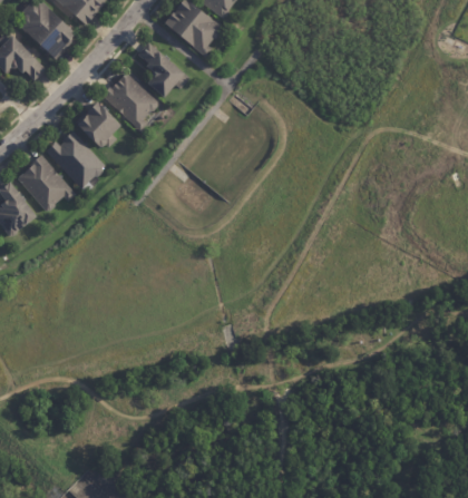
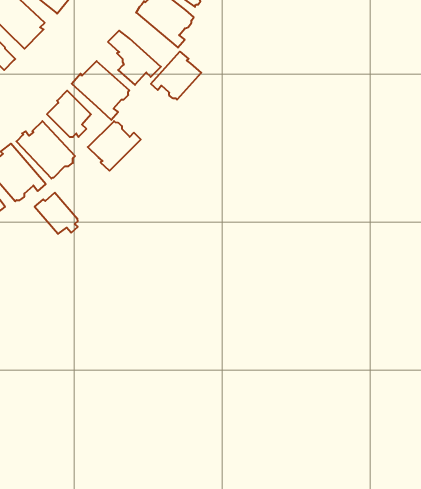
building: none -> [151,52,201,100]
building: none -> [88,121,141,171]
building: none -> [35,193,78,234]

